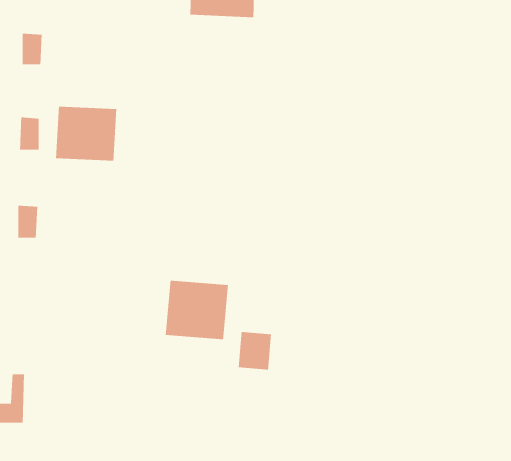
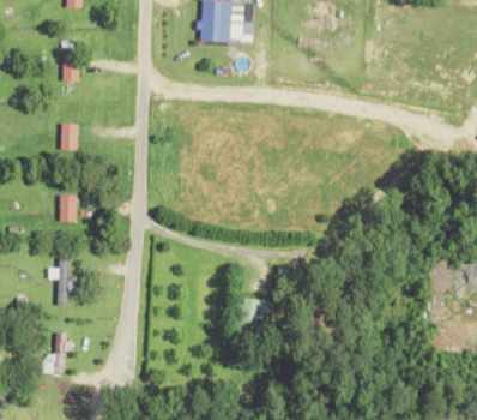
building: [55,106,117,161] -> none
building: [165,280,229,340] -> none
building: none -> [56,257,77,305]

